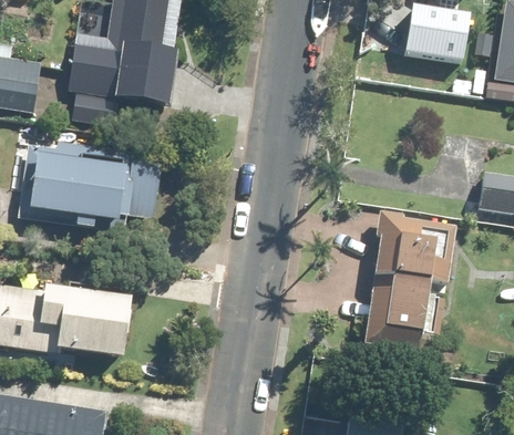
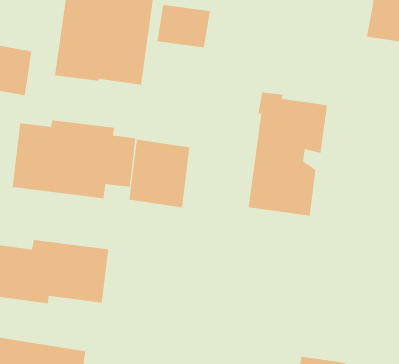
building: none -> [157,4,210,48]
building: none -> [129,139,190,208]
building: [363,209,455,352] -> [248,92,328,216]

